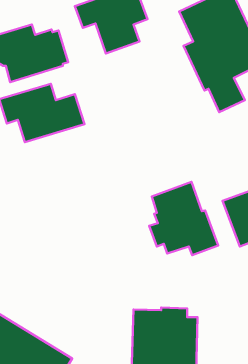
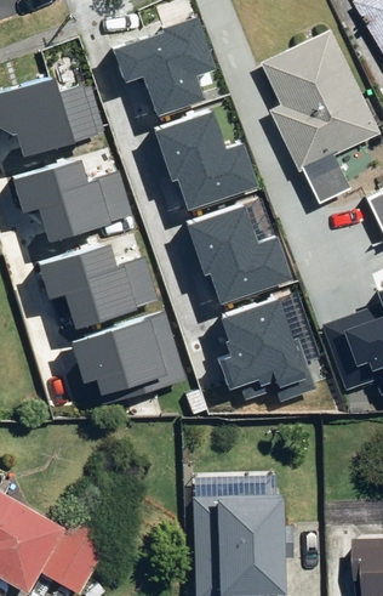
building: none -> [154,114,259,214]
building: none -> [187,208,292,307]
building: none -> [38,245,158,328]
building: none -> [70,314,185,405]

